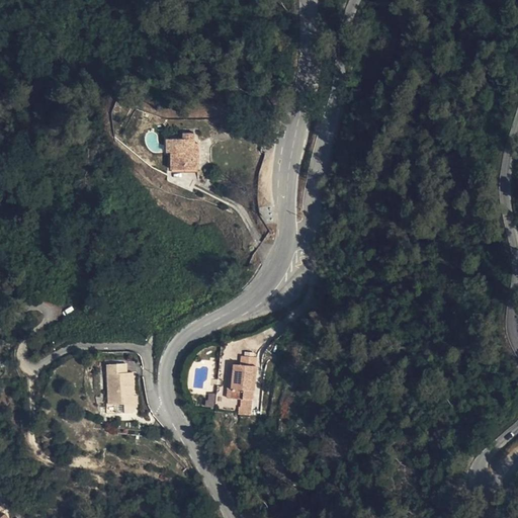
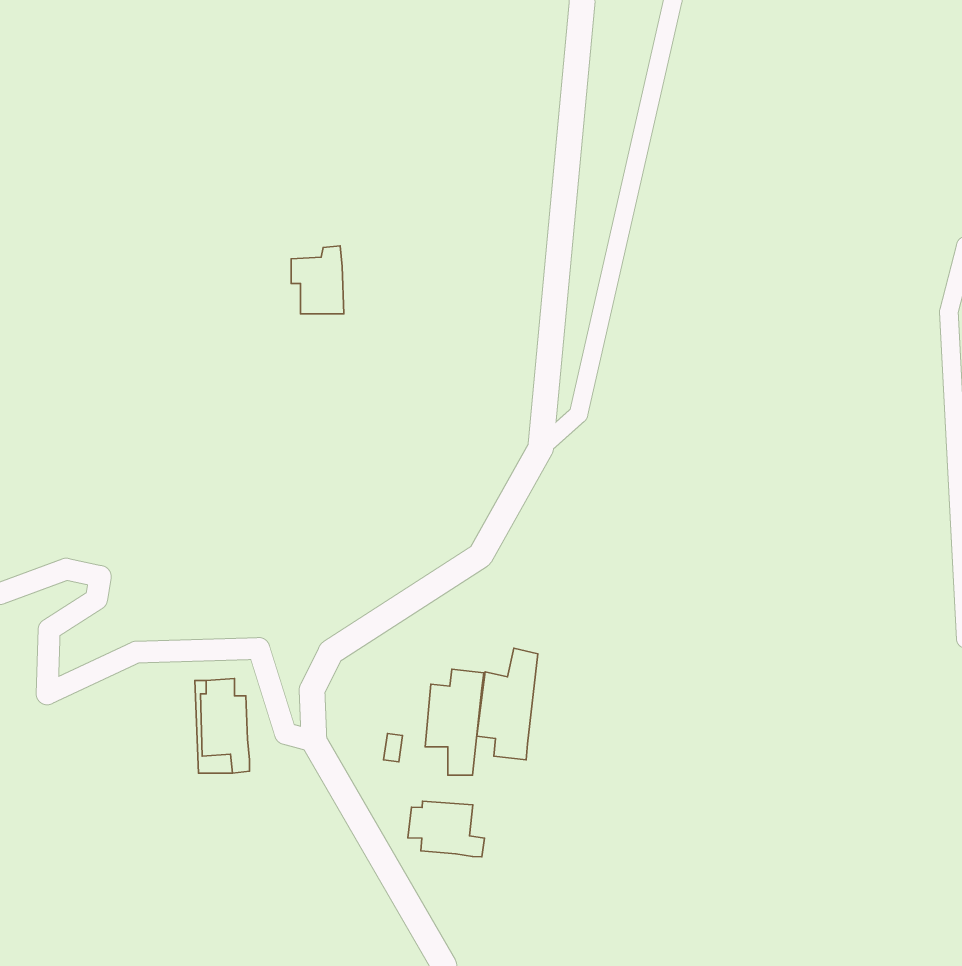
building: none -> [477,648,538,760]
building: none -> [408,801,485,857]

